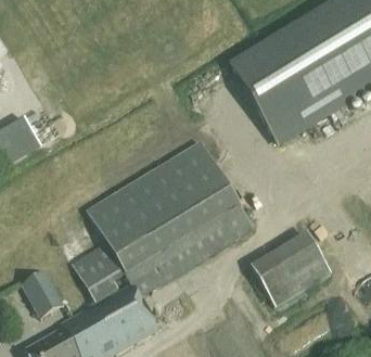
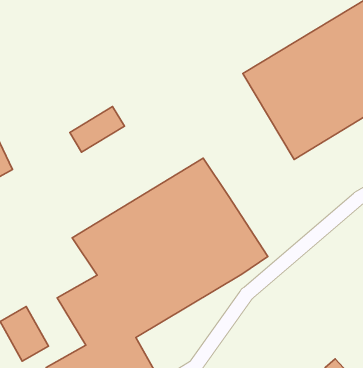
building: none -> [70,107,124,152]
building: [253,235,331,305] -> none

